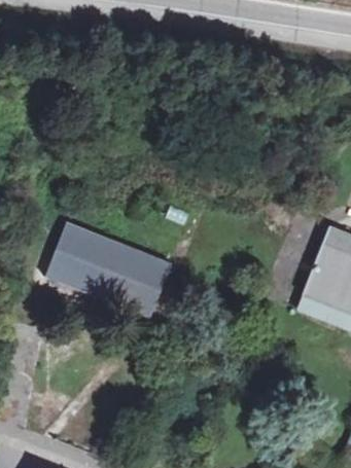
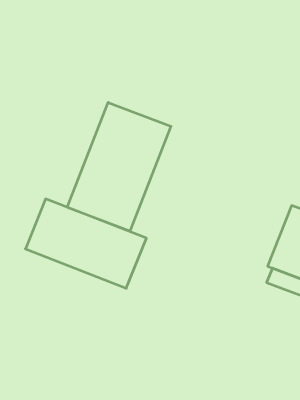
building: none -> [67,102,171,231]

